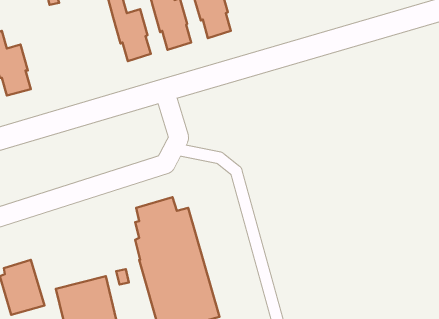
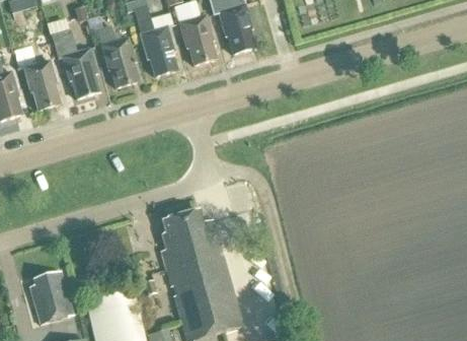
building: none -> [90,23,138,86]
building: none -> [51,28,98,97]

